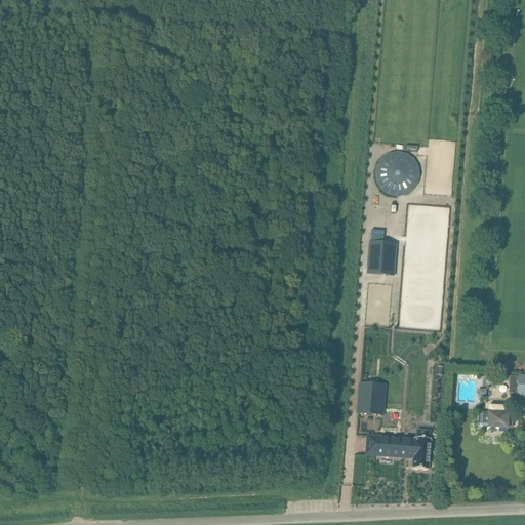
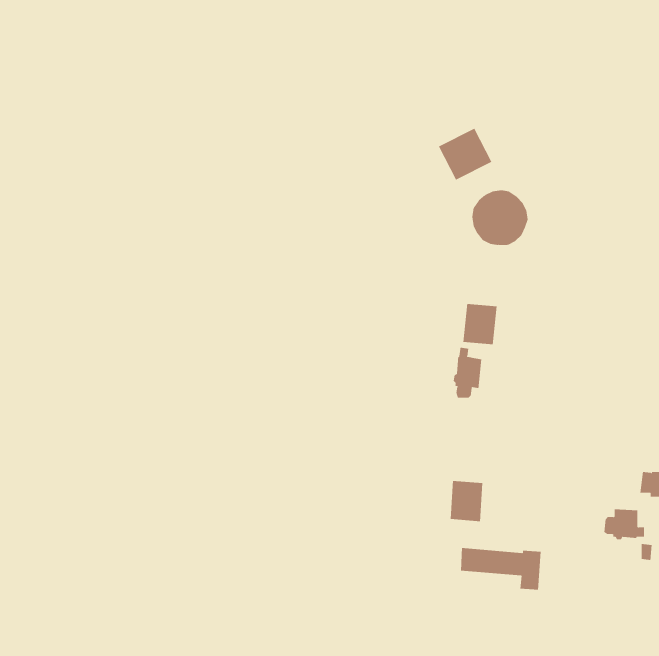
building: none -> [438,128,492,180]
building: none -> [453,347,482,399]

